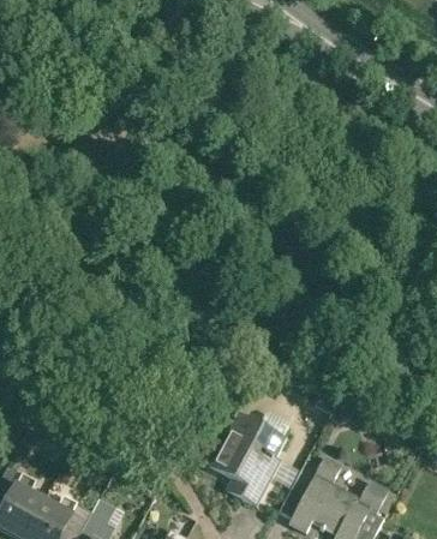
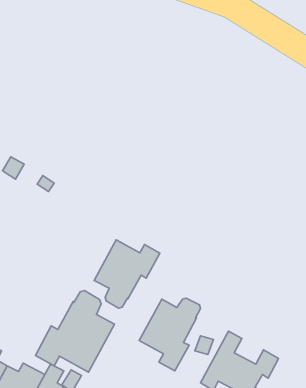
building: none -> [94,240,160,308]
building: none -> [35,291,115,372]

